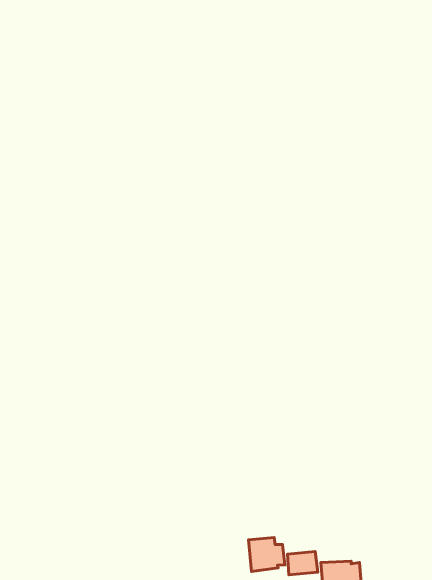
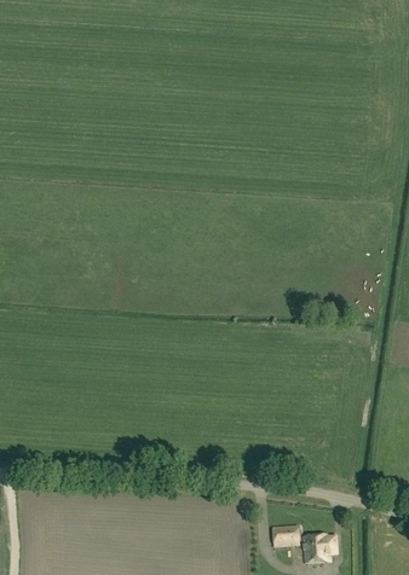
building: [249,538,285,572] -> none

